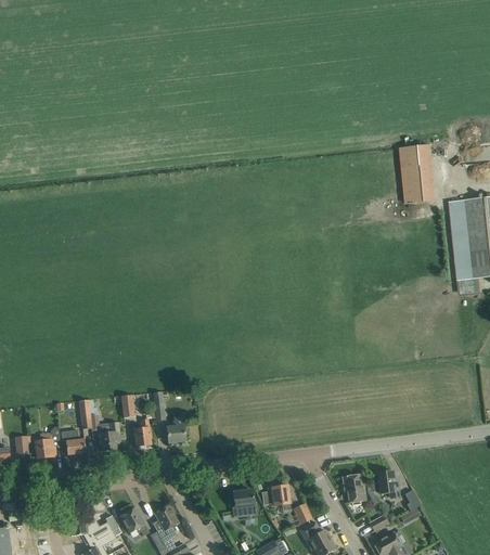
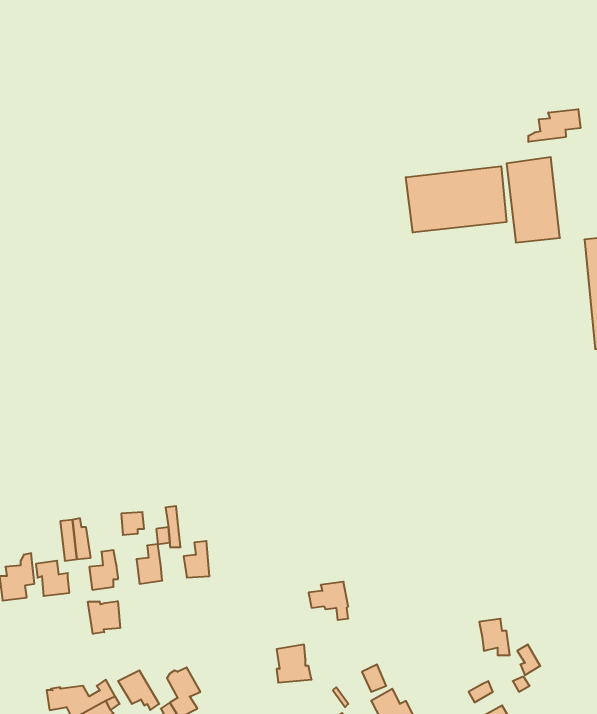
building: none -> [528,109,580,142]
building: none -> [406,166,506,233]
building: none -> [88,601,120,634]
building: [343,475,365,505] -> none
building: [262,486,291,513] -> [309,582,348,620]

